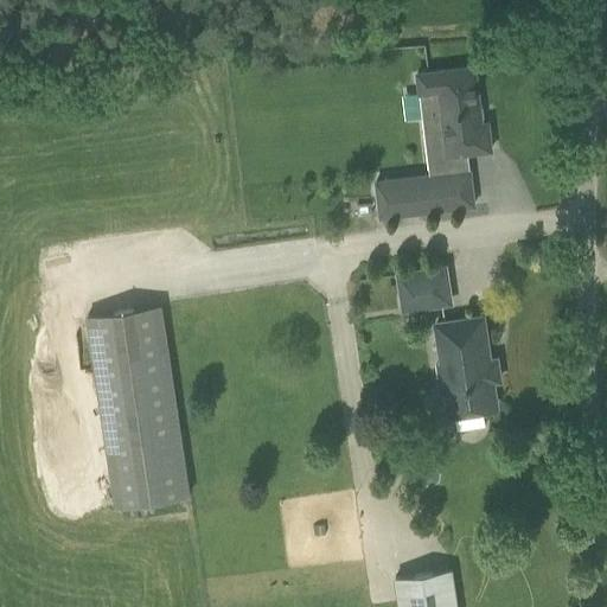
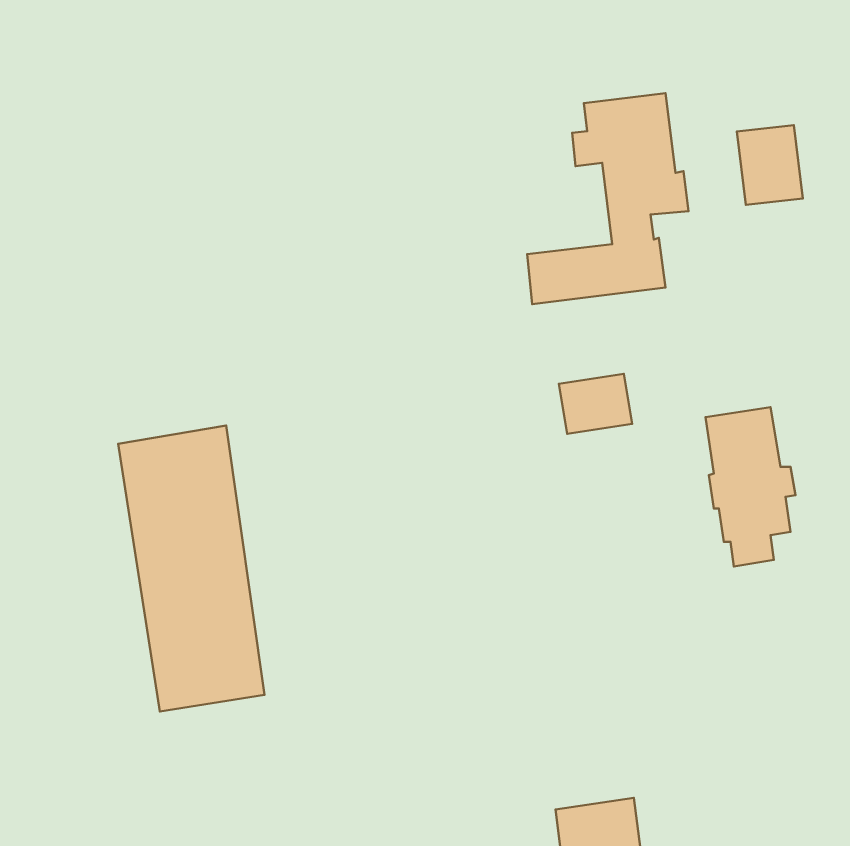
building: none -> [737,125,803,205]
building: [436,319,500,433] -> [706,407,795,567]

